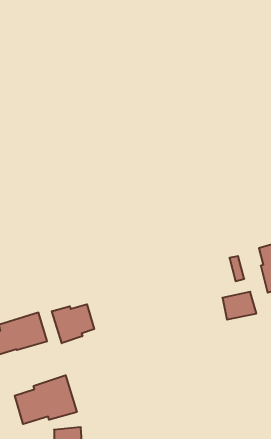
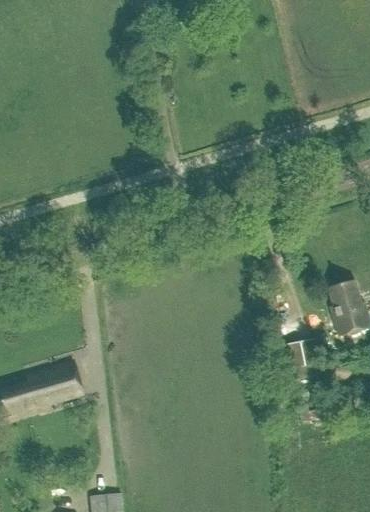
building: [52,304,94,343] -> none
building: [15,375,77,424] -> none

